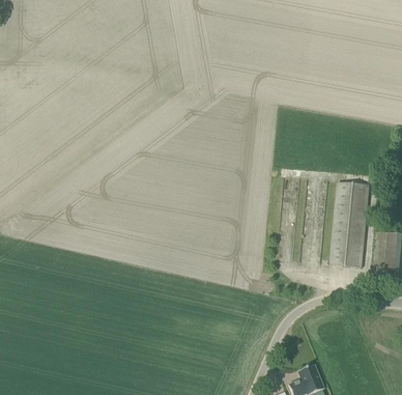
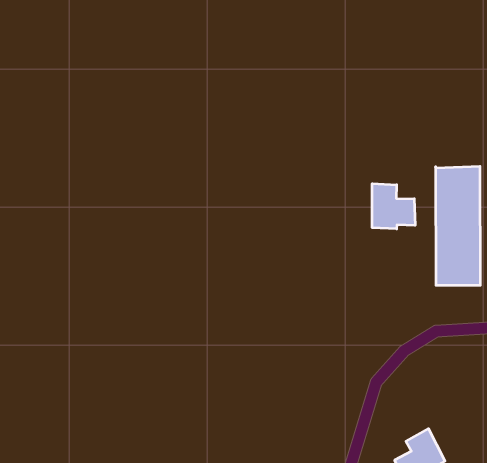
building: none -> [372,184,415,229]

